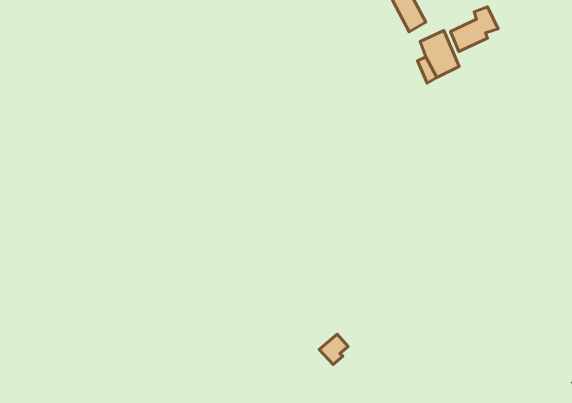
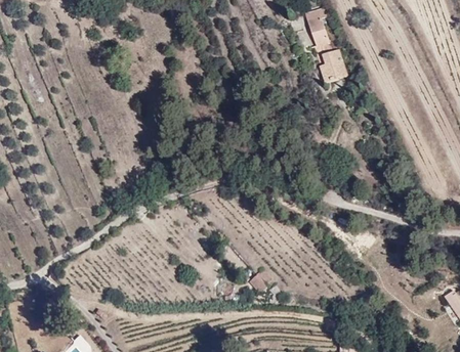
building: [450,7,498,52] -> none

